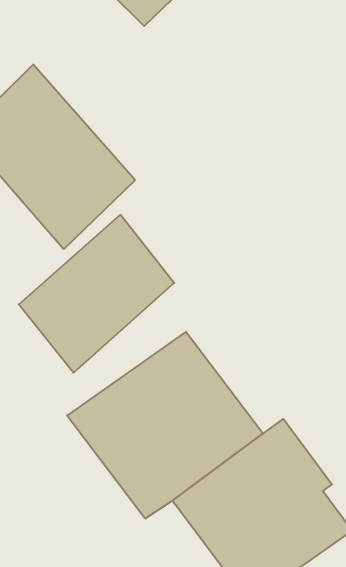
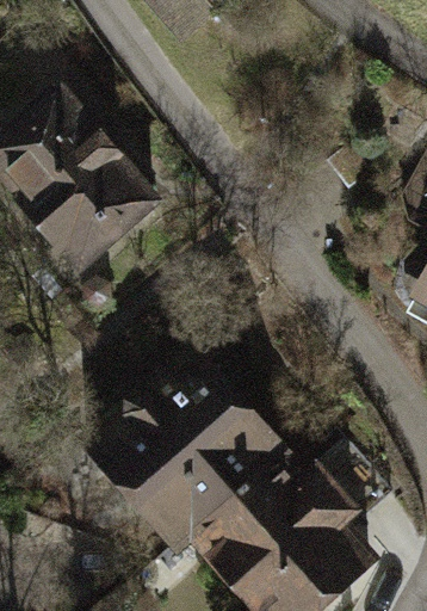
building: [19,215,174,373] -> none

